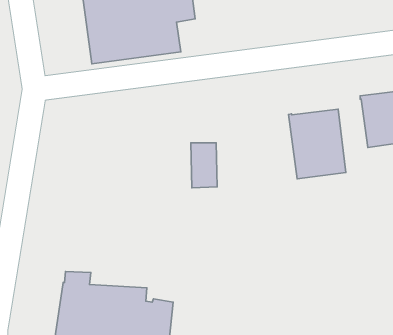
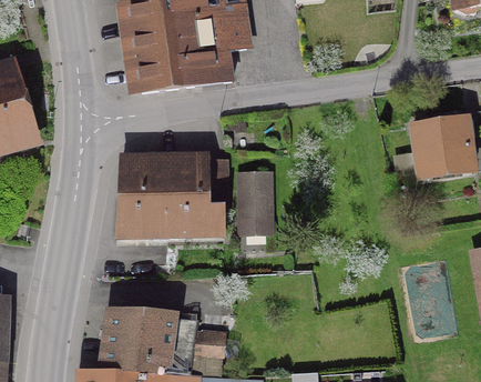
building: [288,109,346,179] -> none
building: none -> [114,155,225,234]

